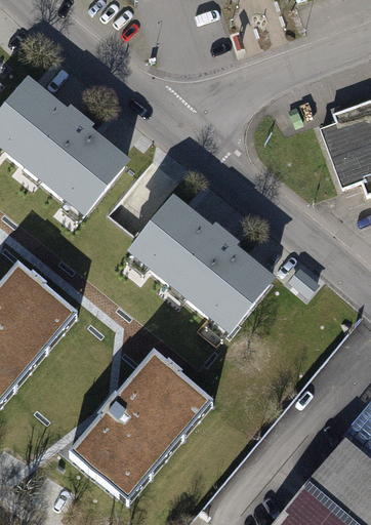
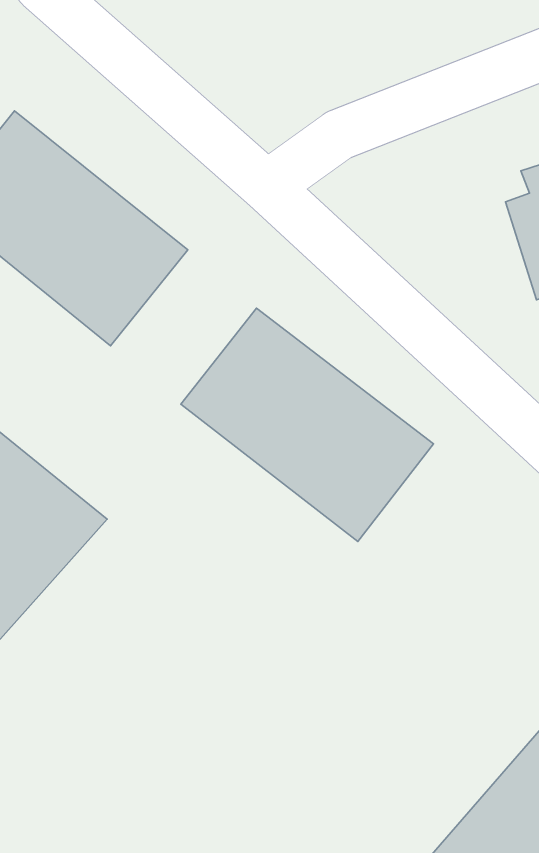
building: [68,357,210,508] -> none

